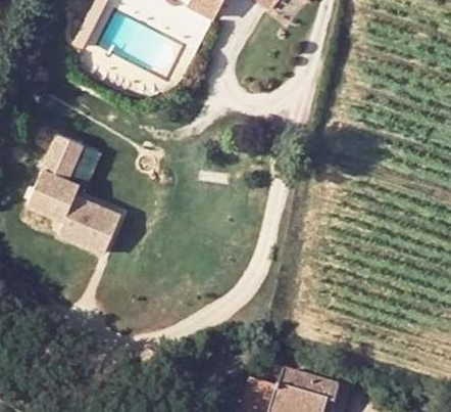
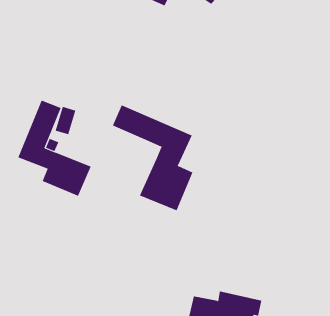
building: none -> [112,104,193,211]

